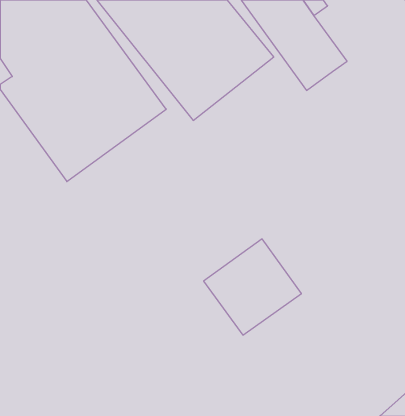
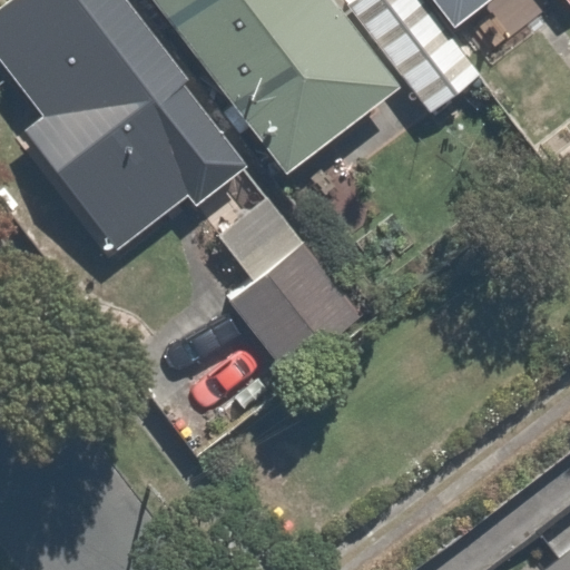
building: [204,239,301,335] -> [234,235,367,366]

